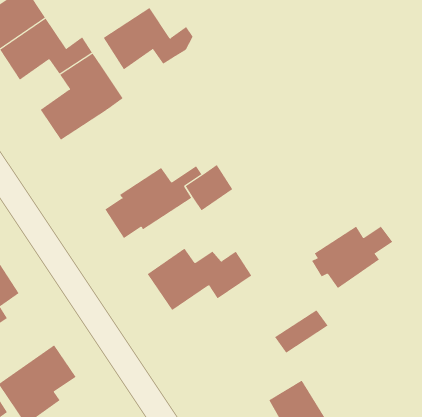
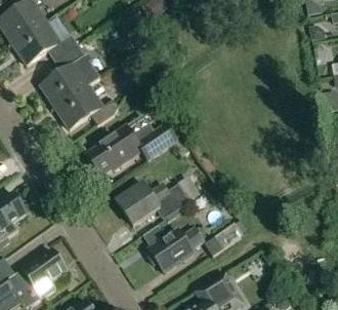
building: [103,7,194,70] -> [55,84,119,128]
building: [311,226,393,289] -> [145,228,203,272]

